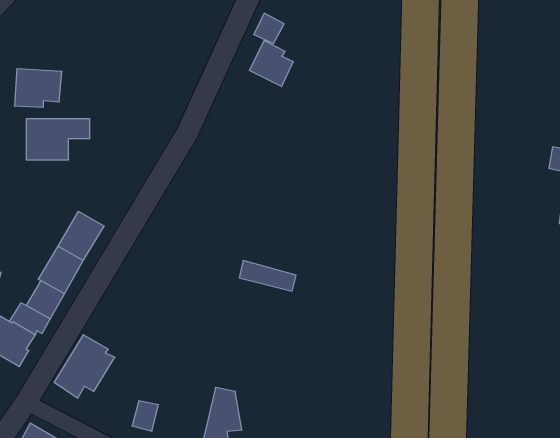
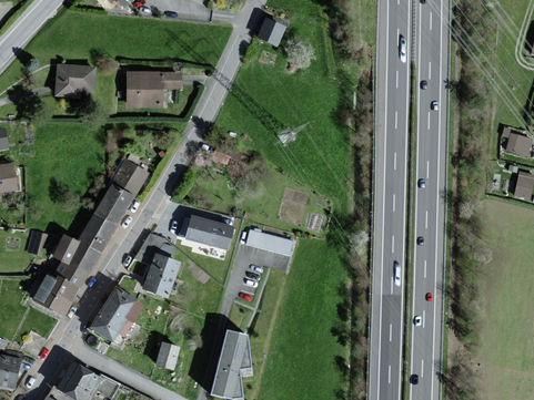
building: [249,40,293,87] -> none
building: [26,119,90,160] -> [130,73,183,107]
building: none -> [112,161,147,197]
building: none -> [178,213,239,247]
building: none -> [52,234,80,264]
building: none -> [143,254,179,297]

